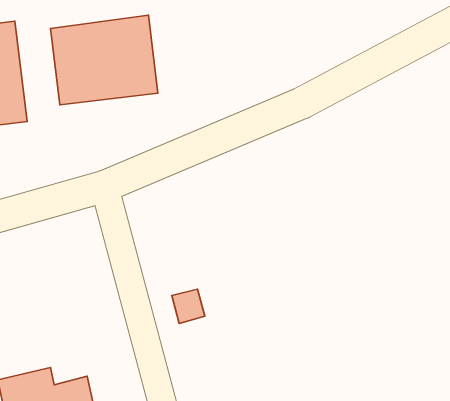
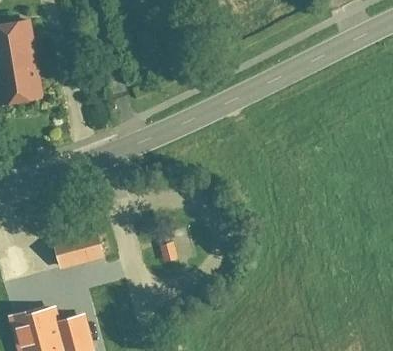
building: [51,15,158,105] -> none
building: none -> [54,229,105,269]

